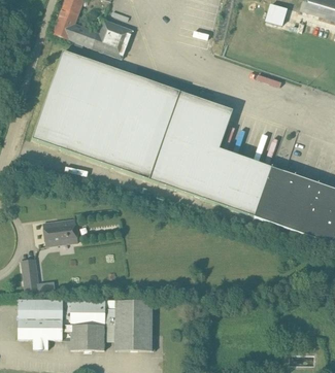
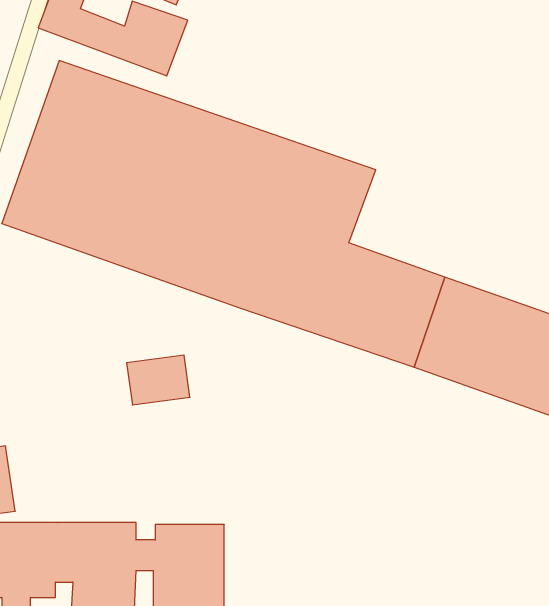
building: [43,218,77,245] -> [127,355,190,405]

